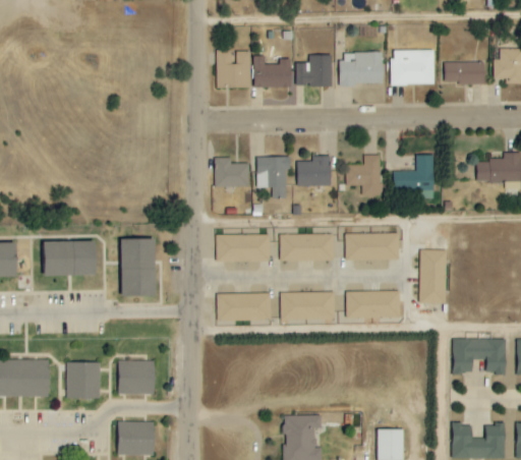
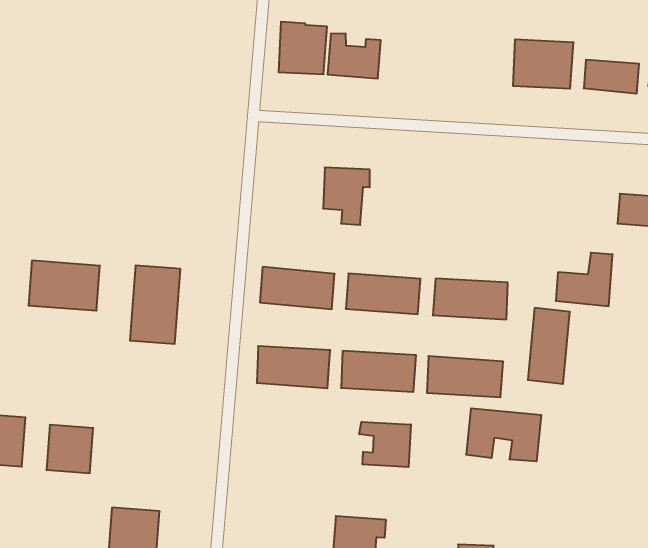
building: [340,53,384,85] -> none
building: [296,55,332,87] -> none
building: [346,155,381,195] -> none
building: [394,155,433,193] -> [556,253,613,306]
building: [297,156,331,186] -> none
building: [215,157,249,186] -> none
building: [453,338,507,373] -> [466,408,541,461]
building: none -> [359,422,411,467]
building: [117,361,153,394] -> none

